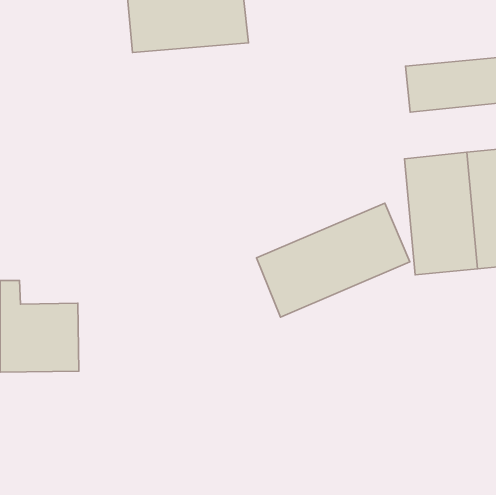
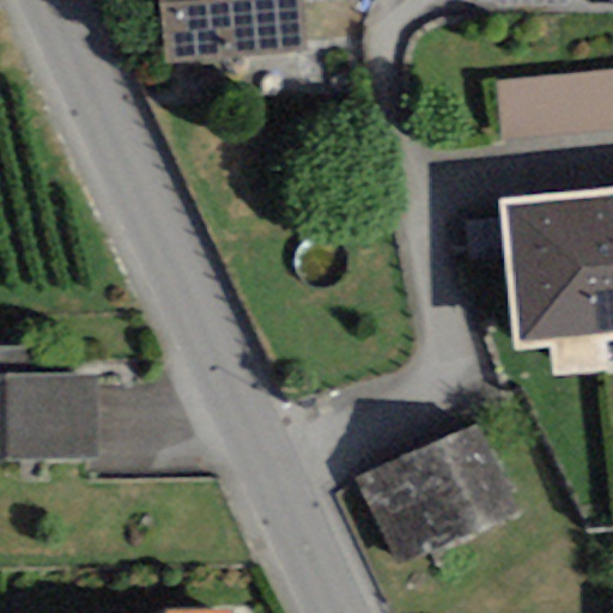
building: [257,203,410,317] -> none
building: none -> [357,425,516,565]

